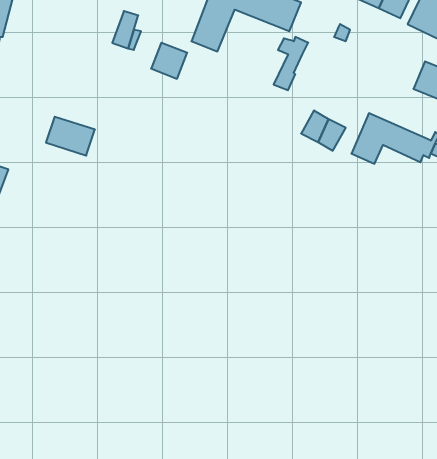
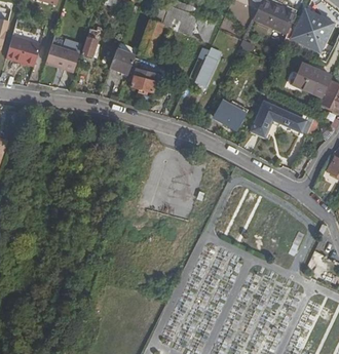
building: none -> [7,35,41,66]
building: none -> [131,68,157,92]
building: [46,117,95,156] -> [46,43,81,71]

